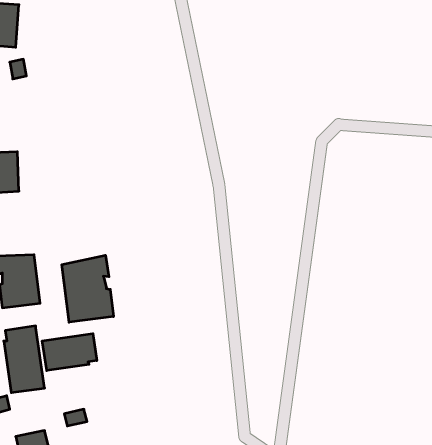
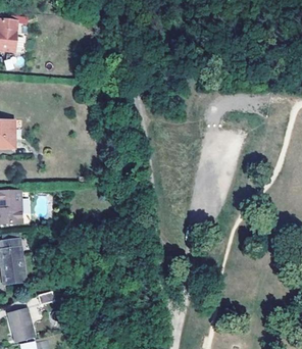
building: [62,255,113,322] -> none
building: [42,334,97,371] -> none

